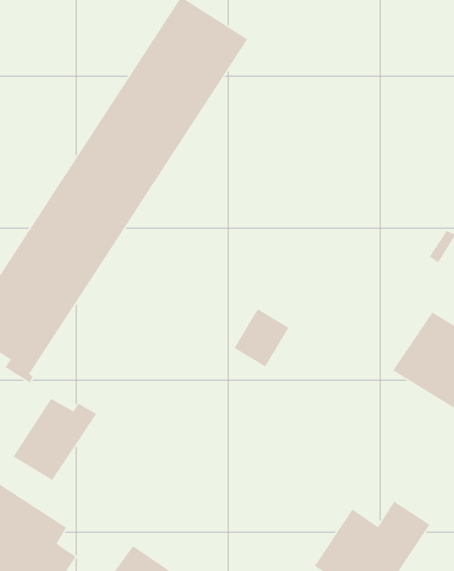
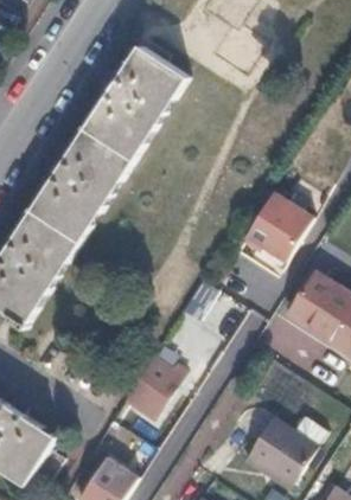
building: none -> [236,184,309,259]
building: [12,398,97,481] -> [123,357,186,418]

